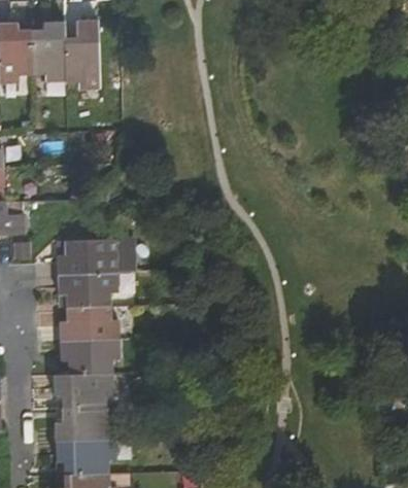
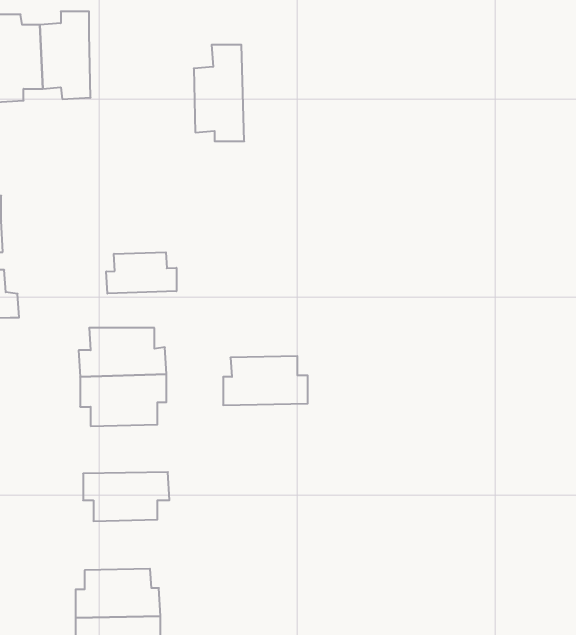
building: [64,21,99,88] -> [194,45,244,141]
building: none -> [106,252,176,294]
building: [60,308,118,342] -> [223,356,308,405]
building: [54,374,112,409] -> none

